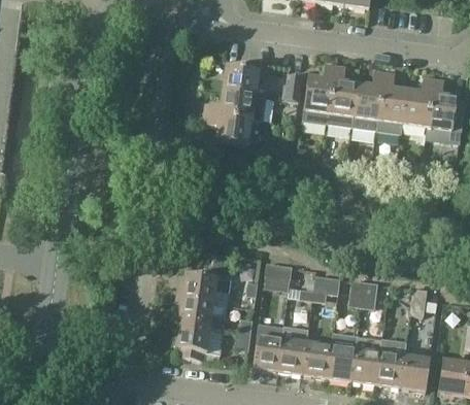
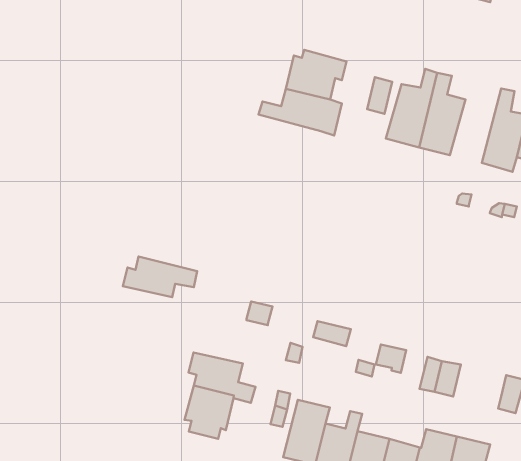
building: [352,71,385,130] -> none
building: [204,112,254,145] -> none
building: [176,273,231,301] -> [123,256,197,297]

